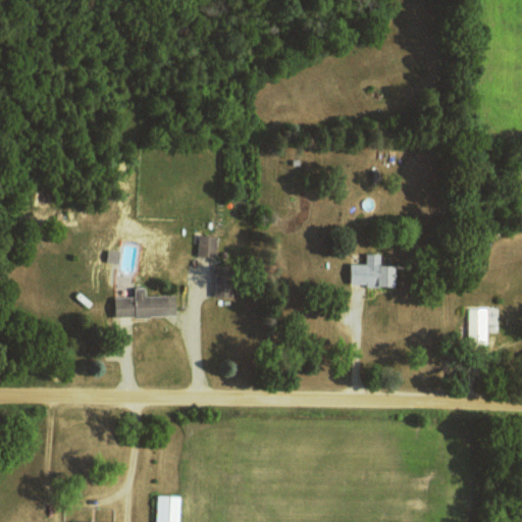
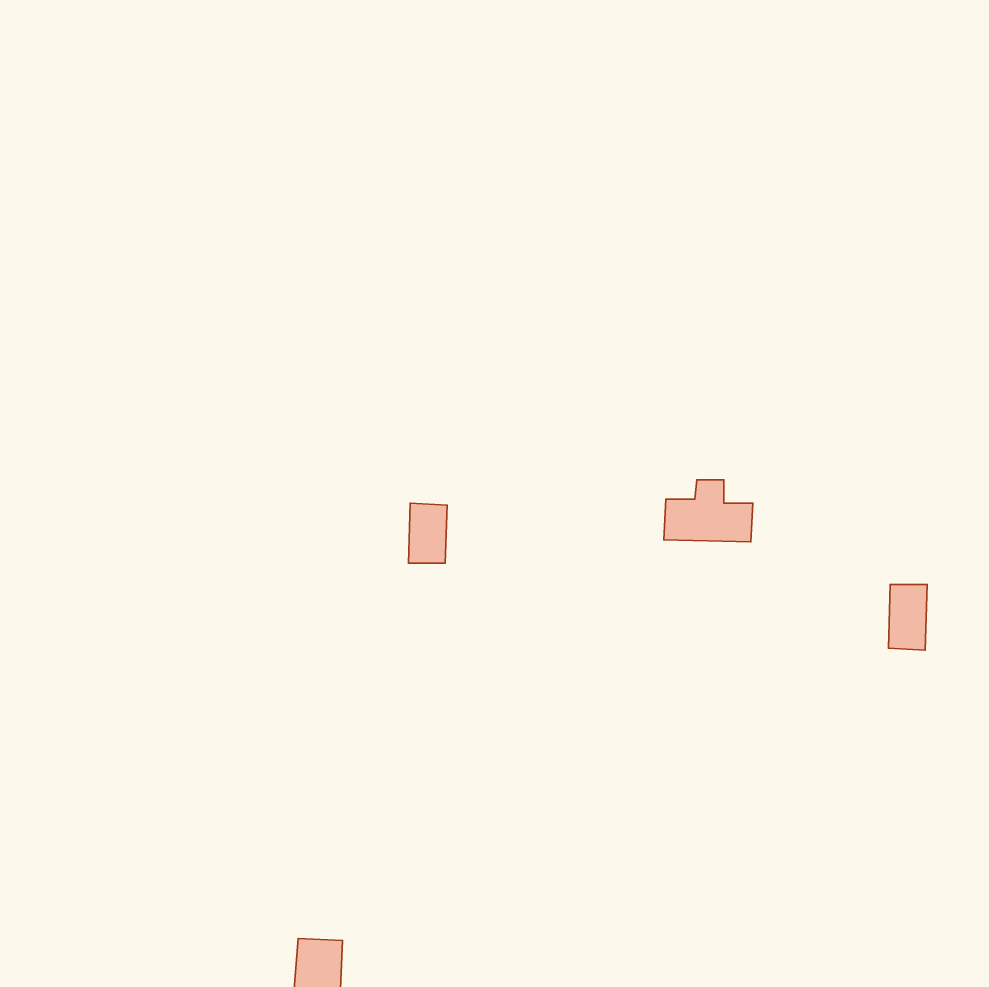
building: [198,237,221,257] -> none
building: [115,288,177,318] -> none

